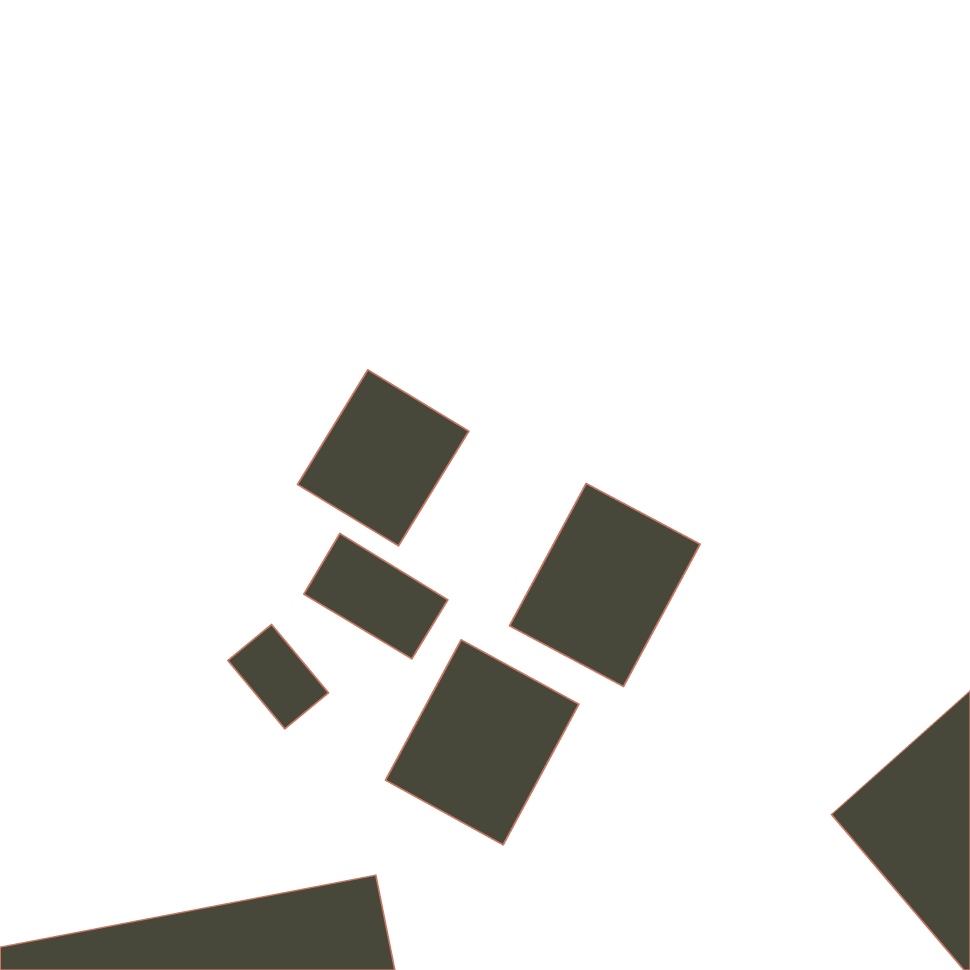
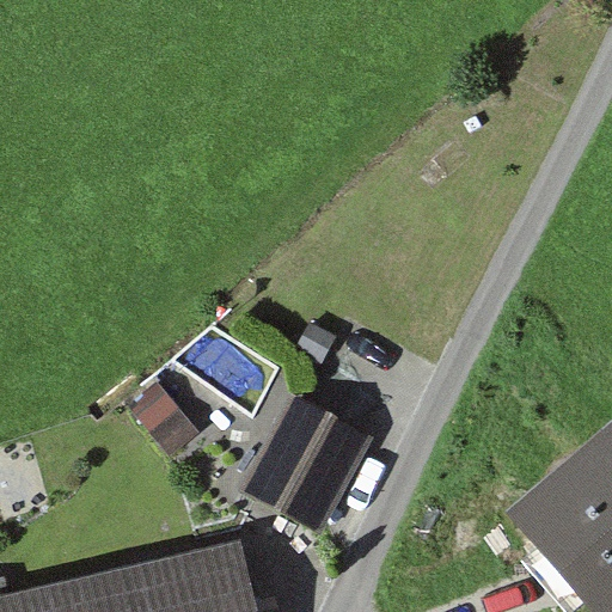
building: [297,370,469,546] -> none
building: [509,484,700,687] -> none

